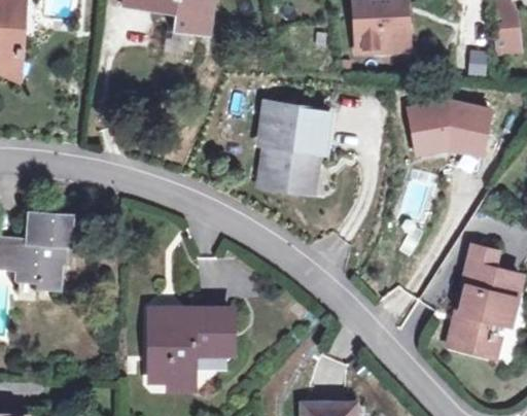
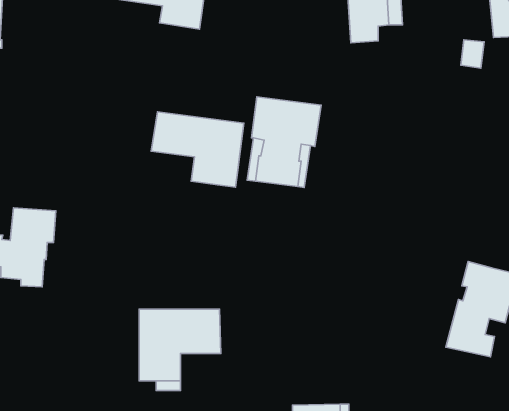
building: [406,98,488,155] -> none
building: none -> [151,112,244,187]
building: [445,246,498,347] -> none

